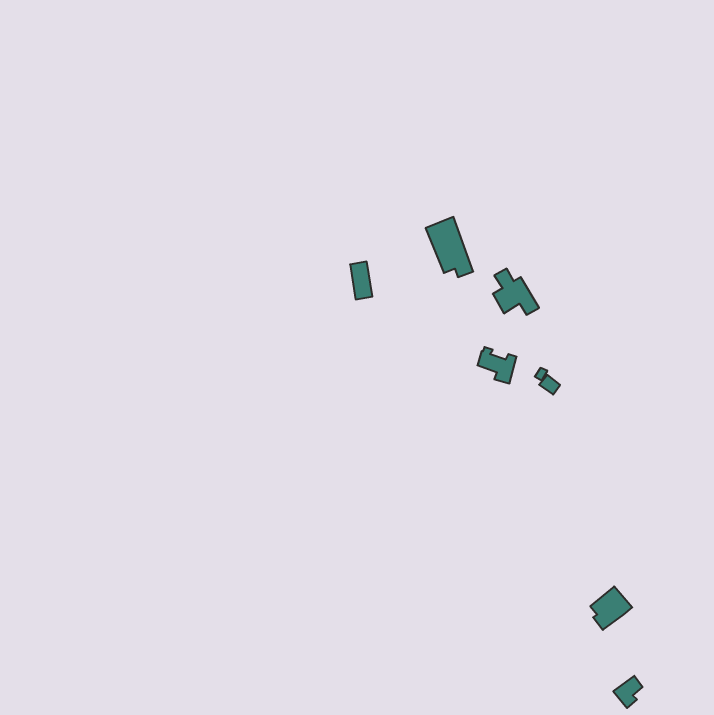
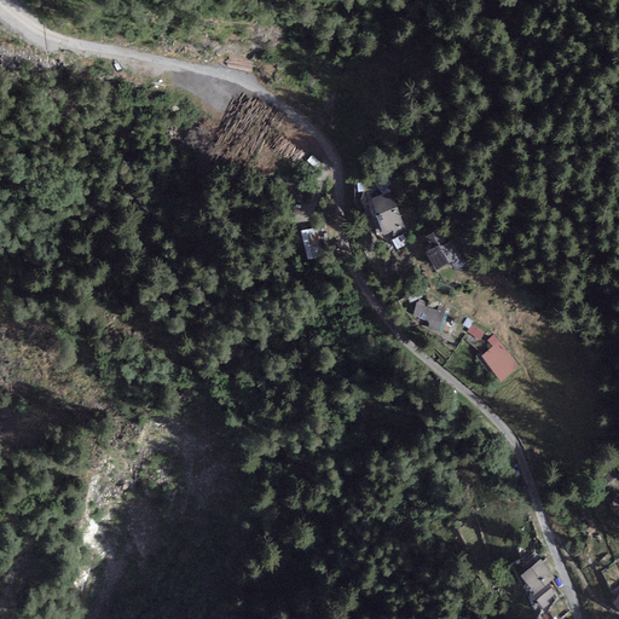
building: none -> [480,335,517,381]
building: [590,586,632,630] -> [519,560,555,597]

